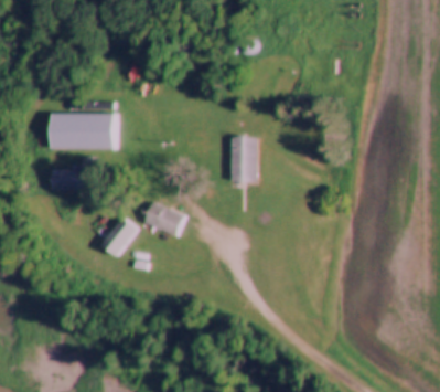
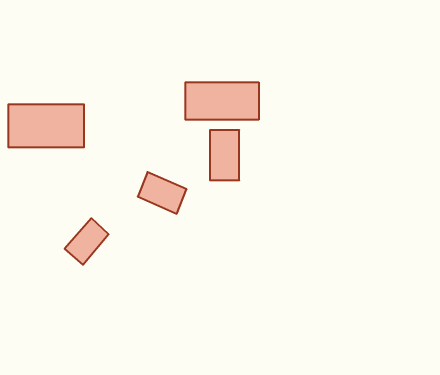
building: none -> [185,82,259,120]
building: [141,200,185,237] -> [138,172,187,214]

